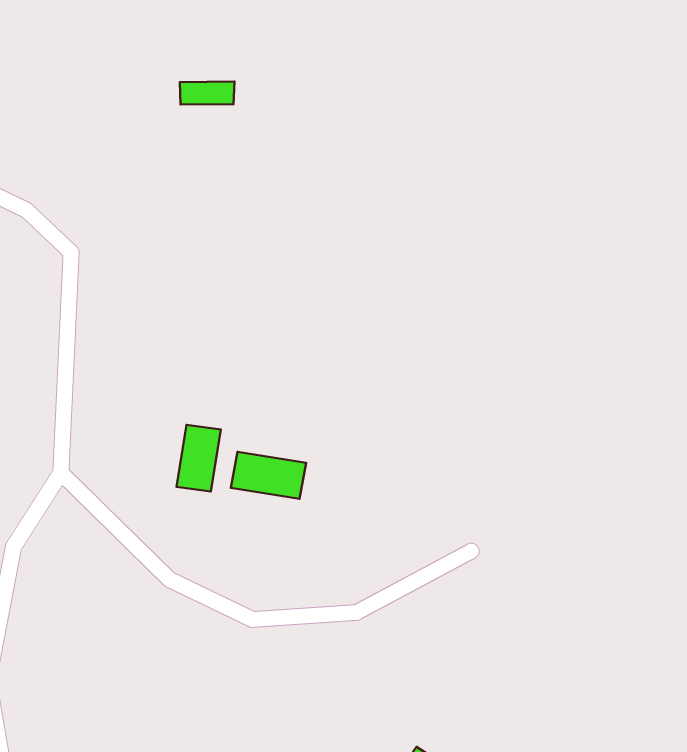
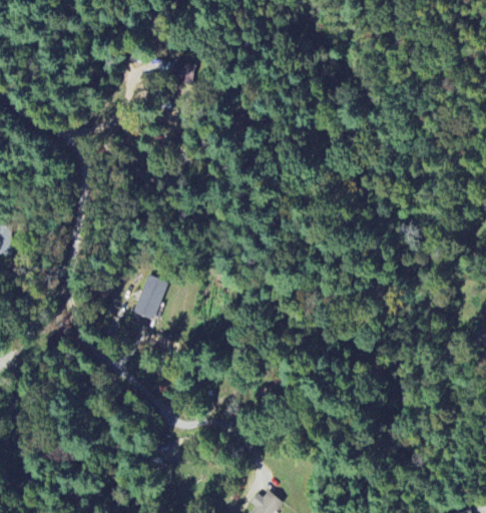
building: [231,452,306,499] -> none

